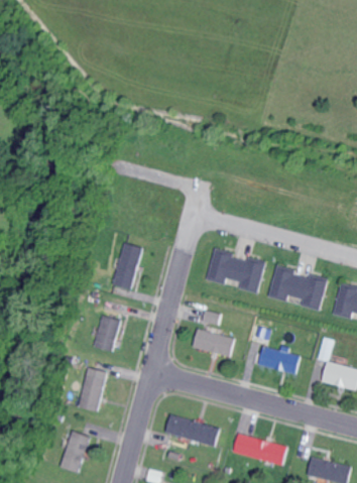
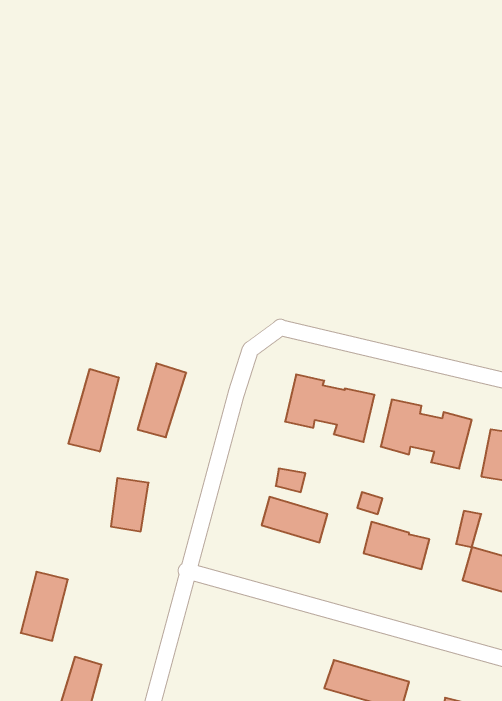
building: none -> [68,369,119,452]
building: [77,367,107,411] -> [21,572,68,641]
building: [164,413,219,446] -> none

